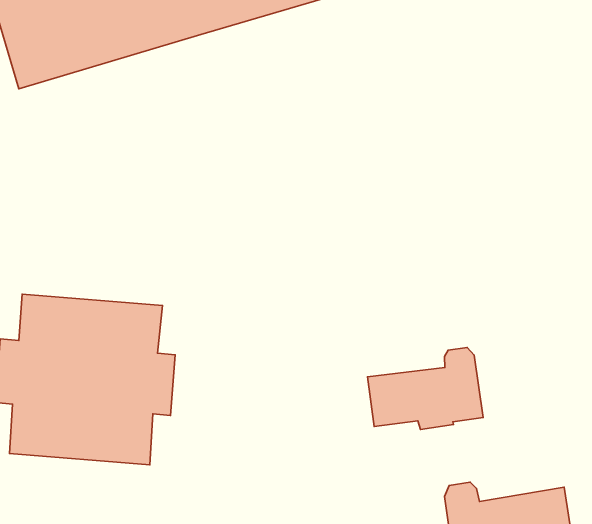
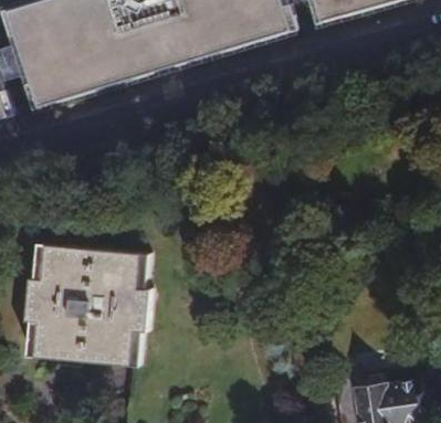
building: [367,348,483,430] -> none

